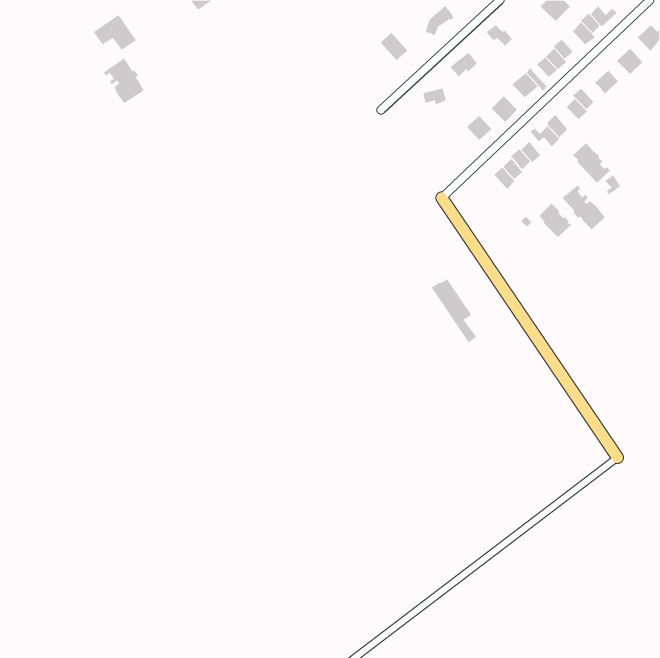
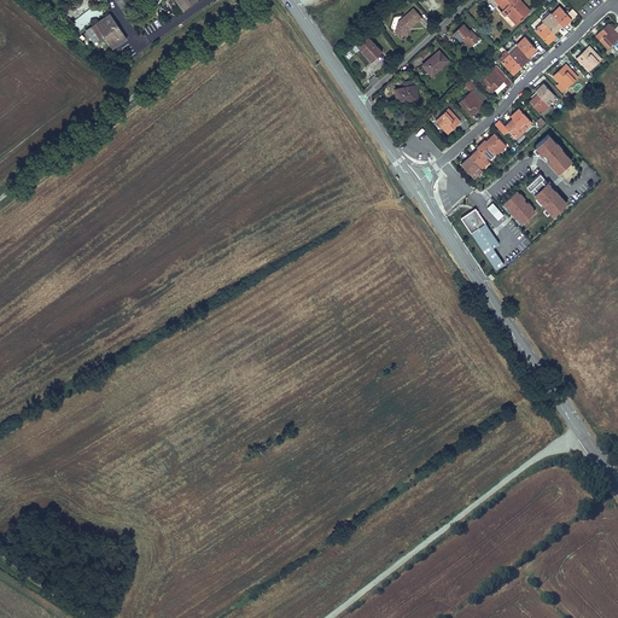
building: [103,57,144,104] -> none
building: [431,279,477,343] -> [460,210,503,270]

